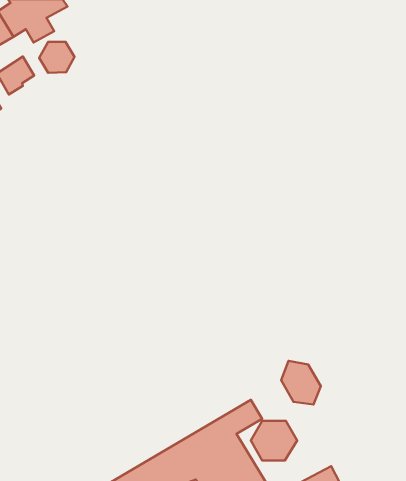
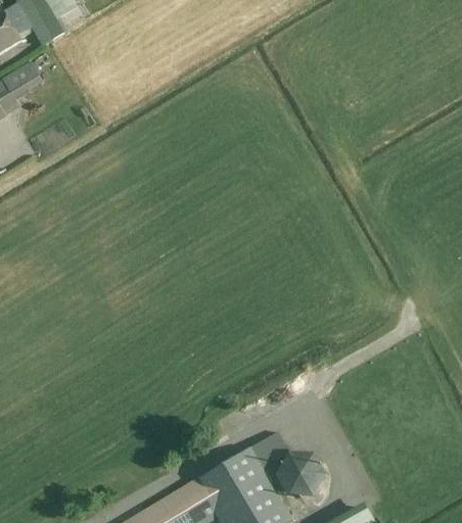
building: [39,42,75,73] -> none
building: [281,361,321,405] -> none

